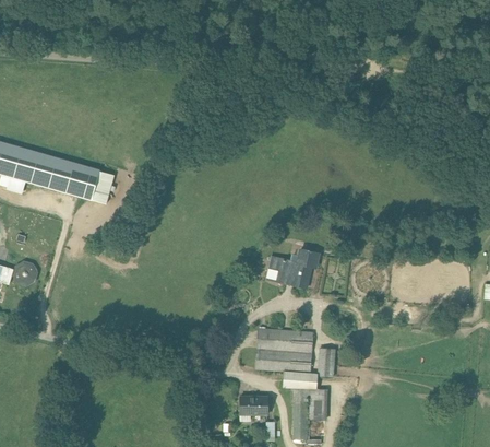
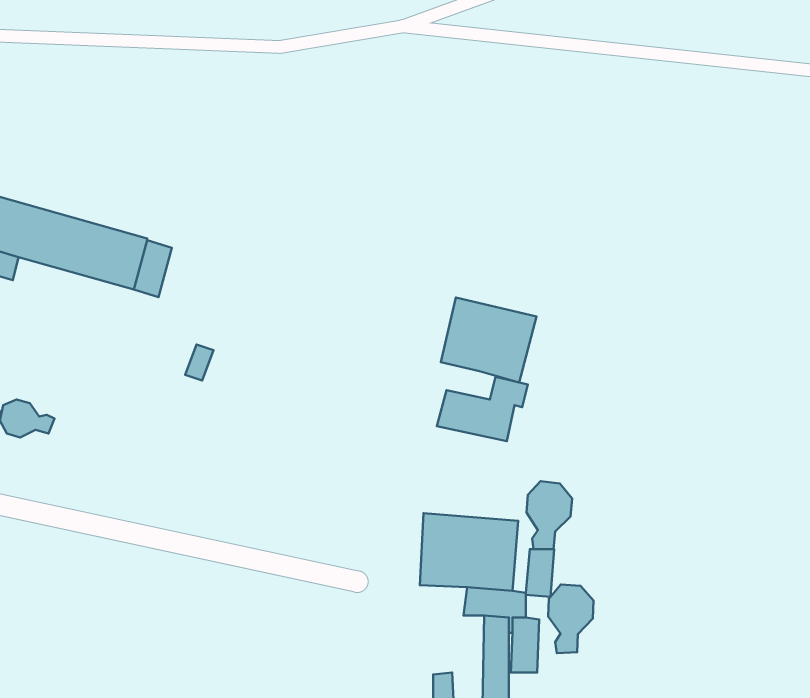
building: none -> [441,297,537,382]
building: none -> [526,481,572,549]
building: none -> [548,585,593,653]
building: [240,396,267,414] -> none

